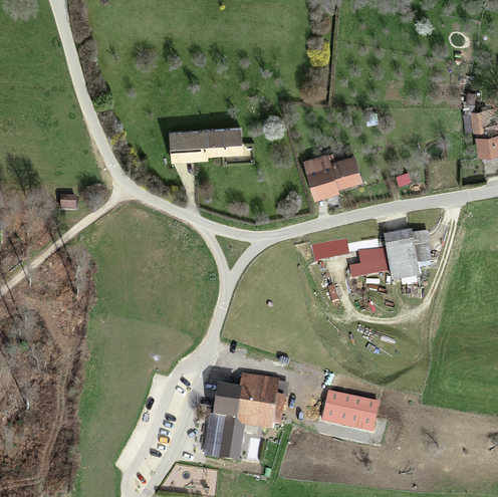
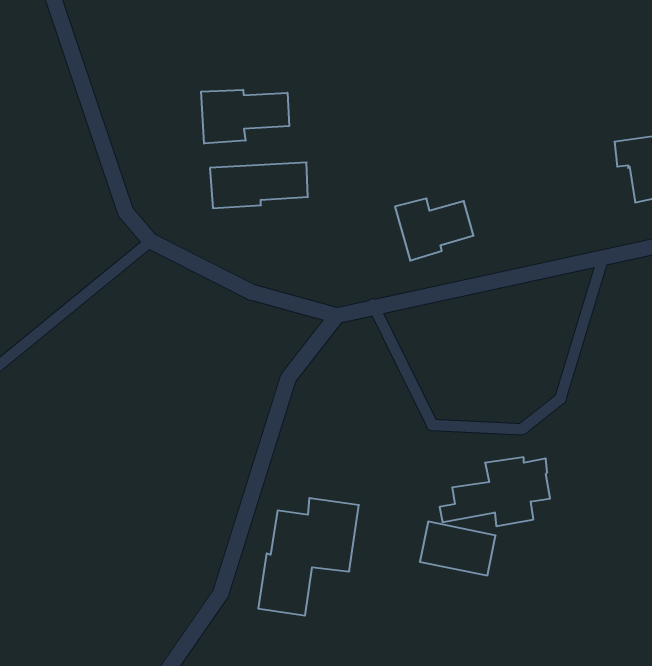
building: none -> [201,90,289,144]
building: [350,229,431,279] -> [440,457,550,526]

